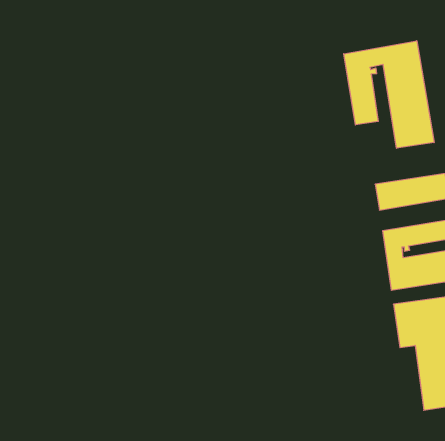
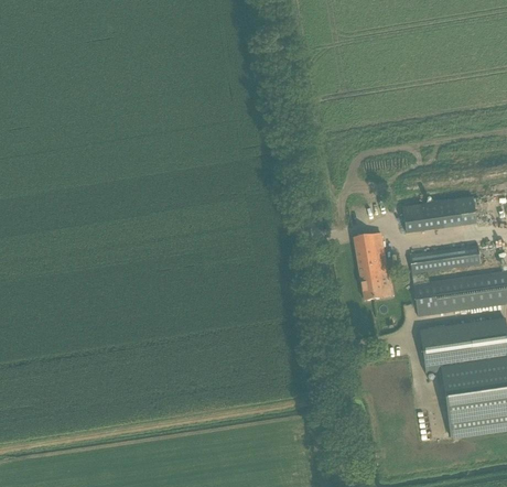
building: [344,41,434,148] -> none
building: none -> [354,231,389,300]

